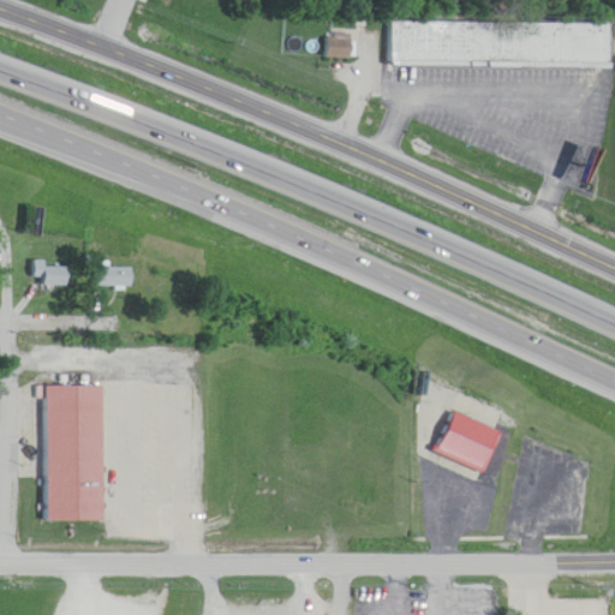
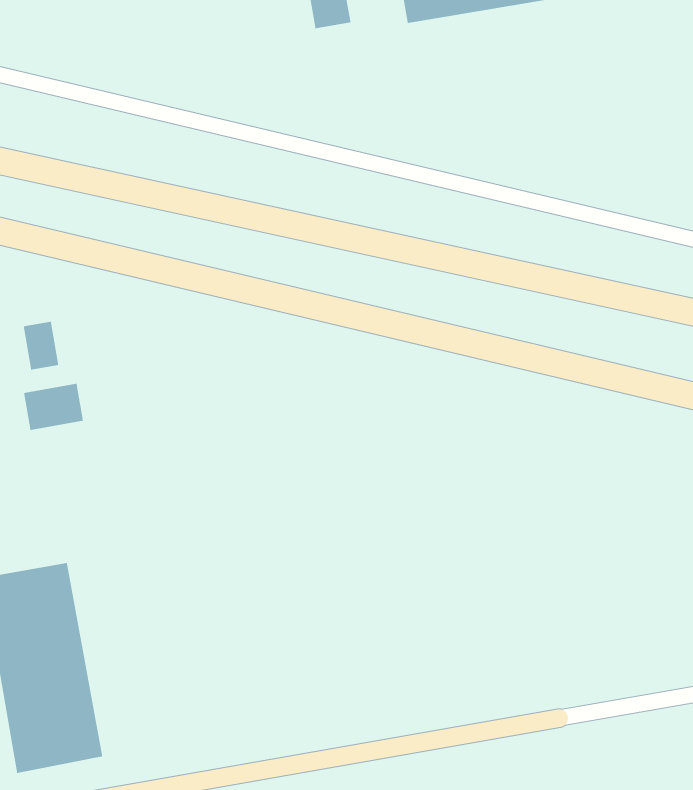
building: none -> [23,321,59,370]
building: [440,410,504,468] -> none

